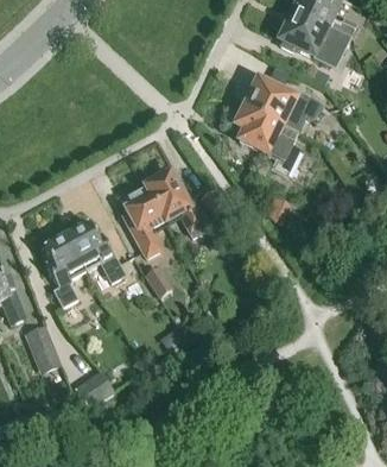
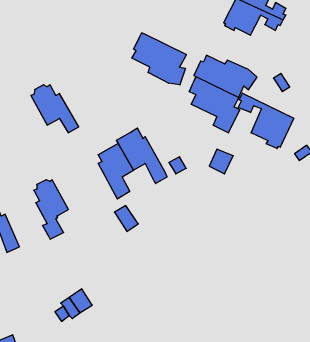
building: none -> [132,33,186,85]
building: none -> [238,93,294,149]
building: [65,221,125,280] -> [31,85,79,133]
building: [26,323,63,373] -> none

